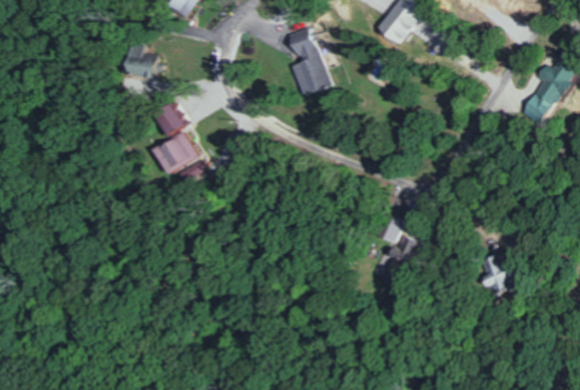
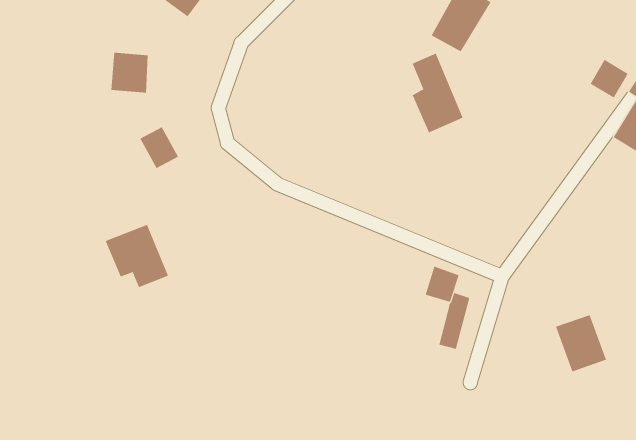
building: [291,32,331,96] -> [412,53,463,133]
building: none -> [590,59,629,99]
building: [152,133,202,183] -> [105,224,169,288]

